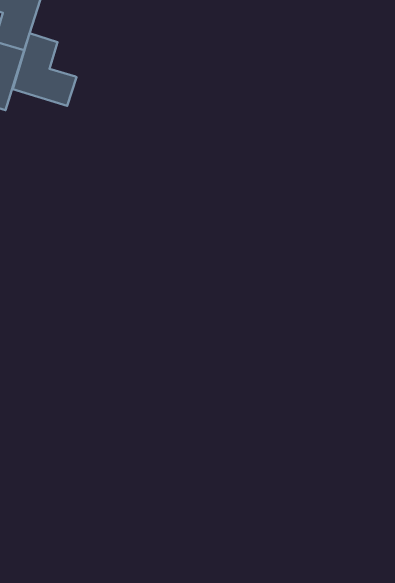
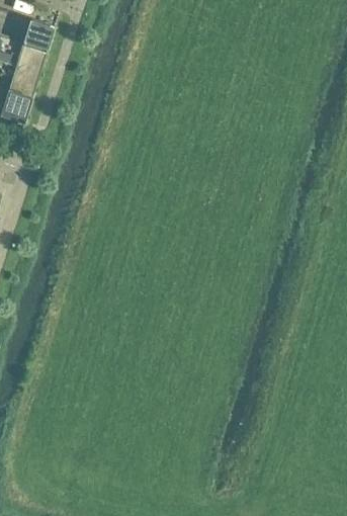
building: [13,33,76,106] -> none

